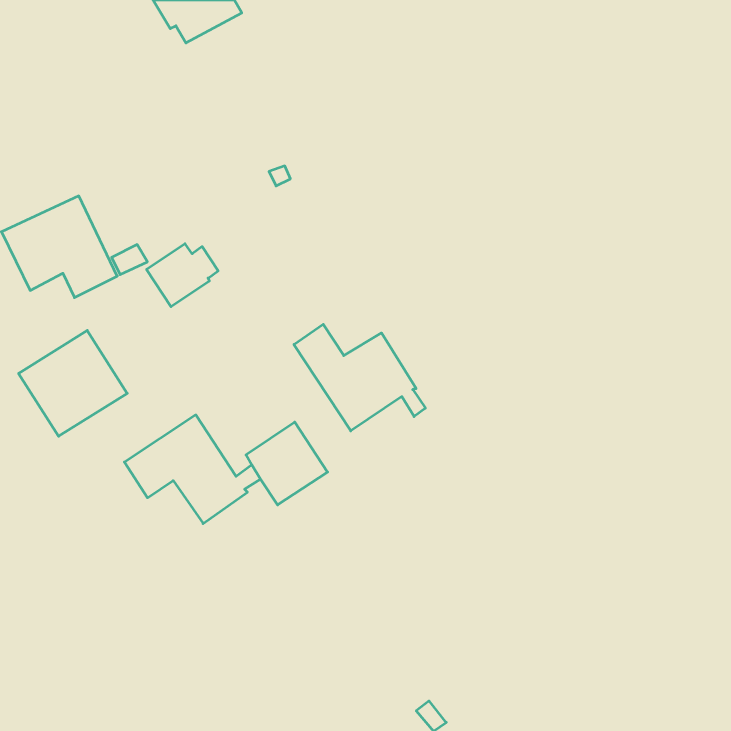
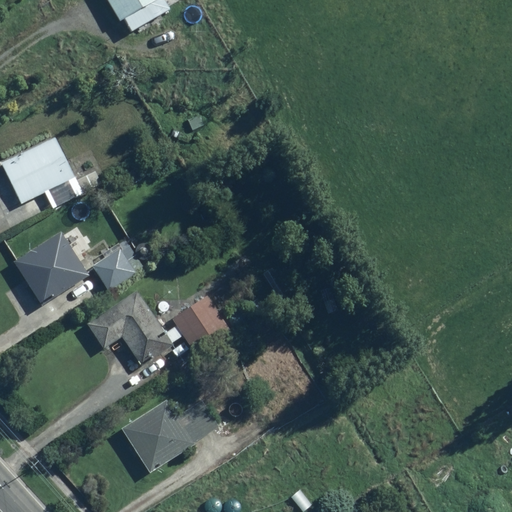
building: [147,244,218,307] -> [92,247,142,291]
building: [294,324,425,431] -> none
building: none -> [120,399,220,472]

